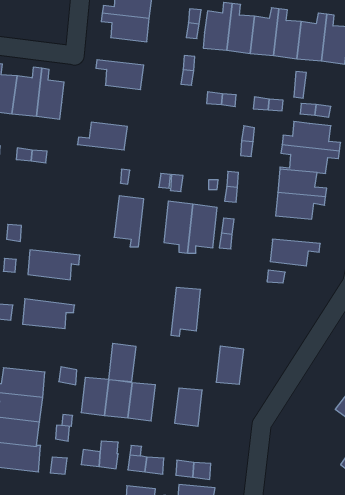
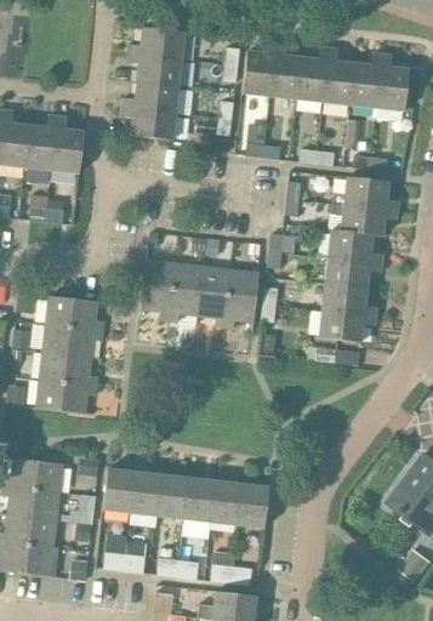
building: [77,122,127,150] -> [121,80,178,112]
building: none -> [321,284,377,315]
building: none -> [45,295,103,329]
building: none -> [39,351,97,386]
building: [171,287,201,336] -> [169,264,203,320]
building: [108,343,136,382] -> [183,477,215,520]
building: [216,346,244,384] -> [237,483,268,526]

